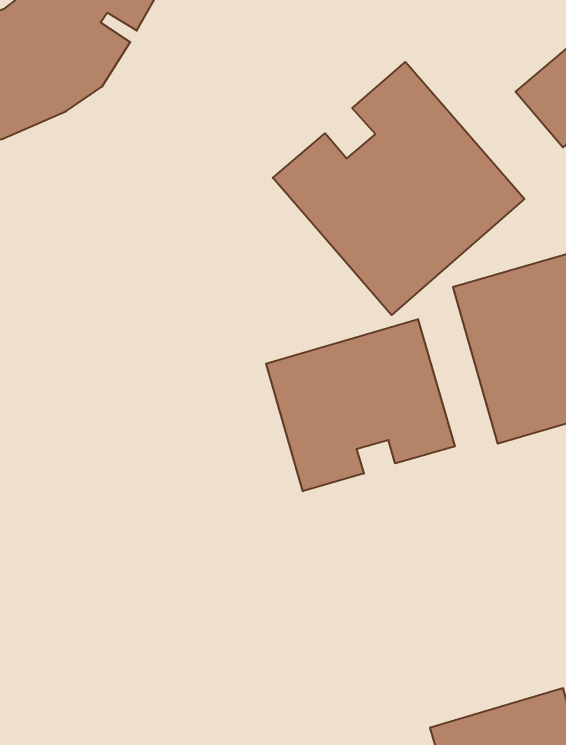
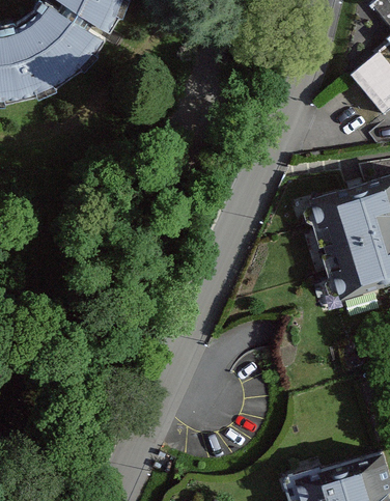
building: [273,62,524,315] -> none
building: [266,319,455,491] -> none

